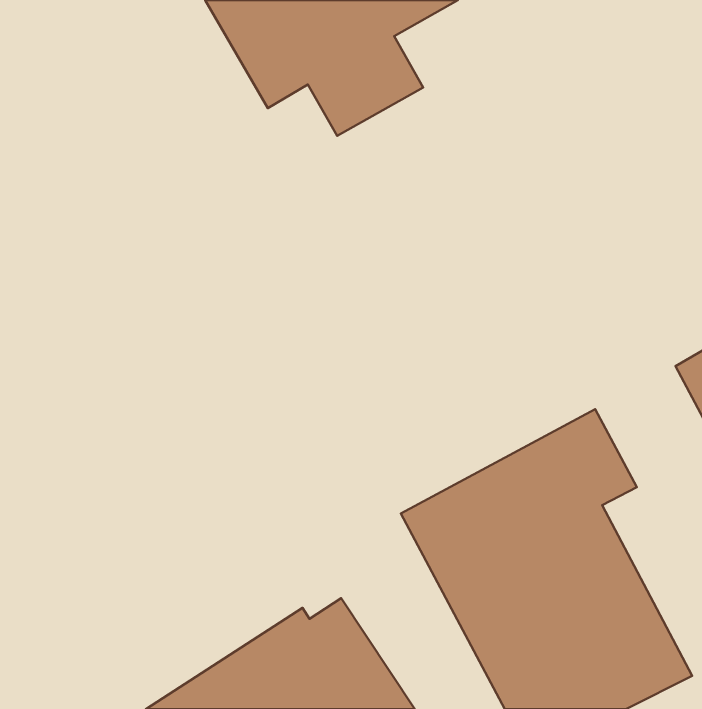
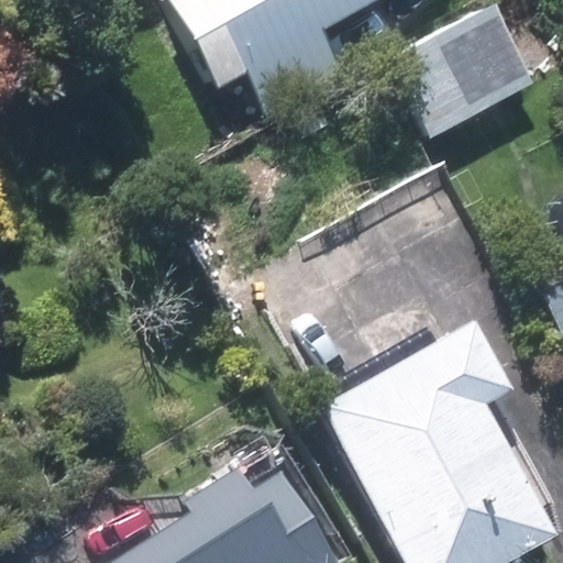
building: none -> [393,4,534,134]

